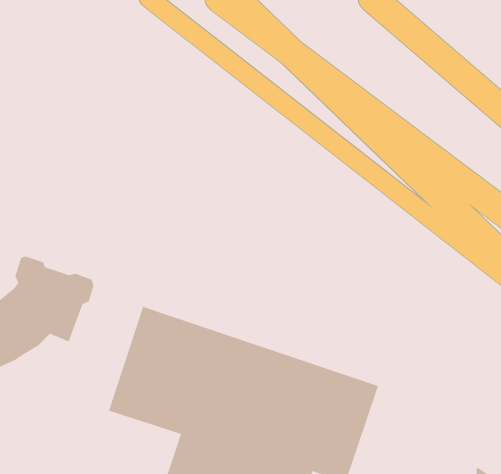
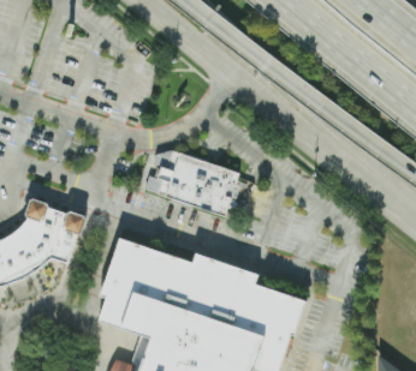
building: none -> [143,150,238,216]

